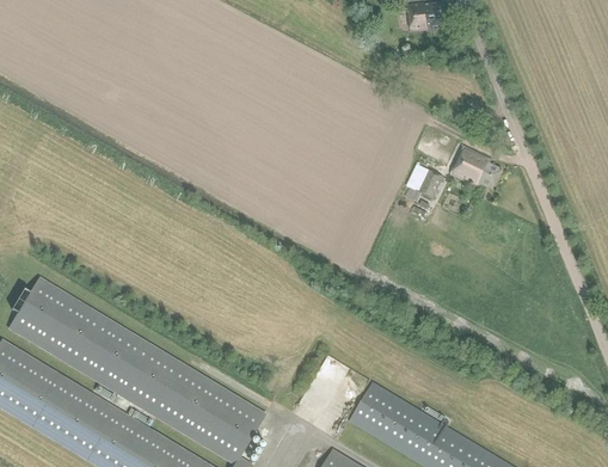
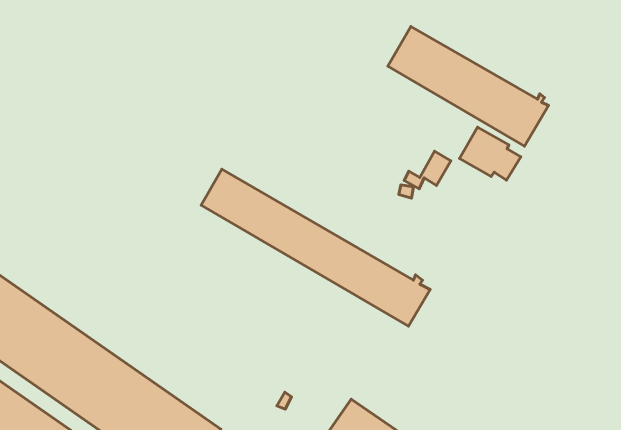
building: none -> [388,26,548,146]
building: none -> [201,169,430,326]

